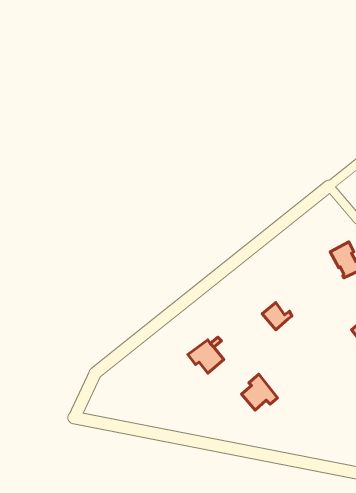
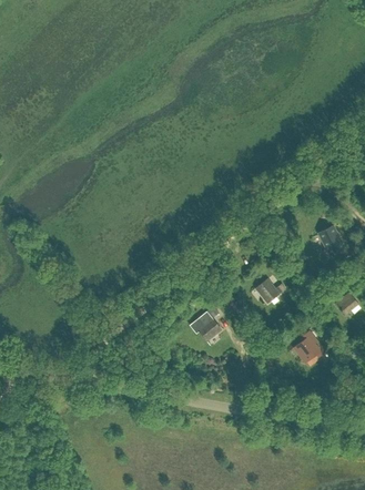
building: [242,374,277,410] -> [293,330,325,363]

